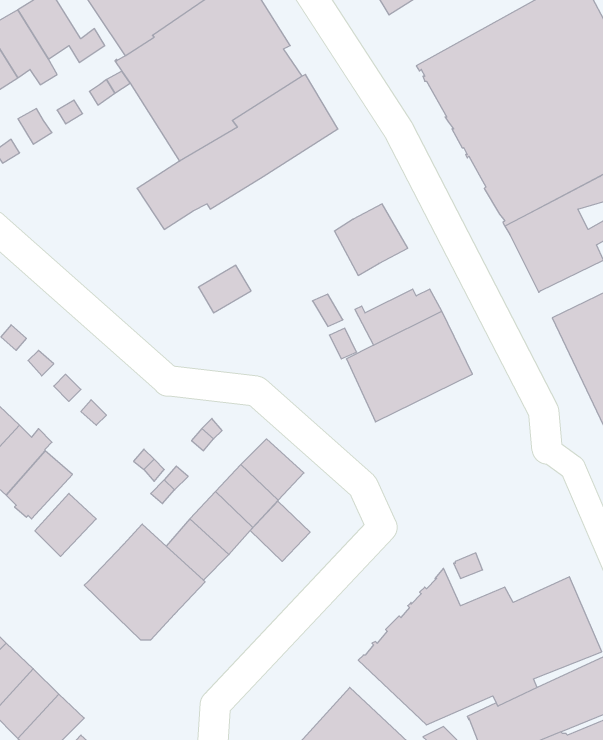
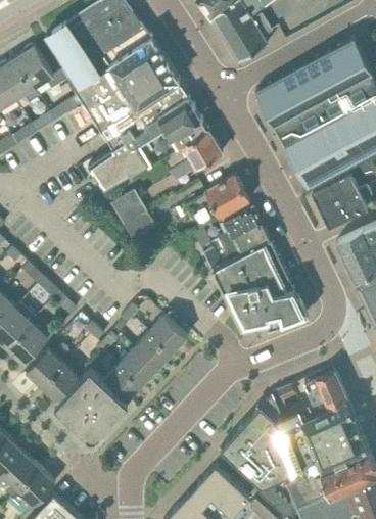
building: none -> [163,131,223,172]
building: none -> [111,191,147,226]
building: none -> [223,206,264,241]
building: none -> [237,278,307,328]
building: [250,501,310,561] -> none
building: none -> [42,365,80,403]
building: none -> [306,371,347,415]

